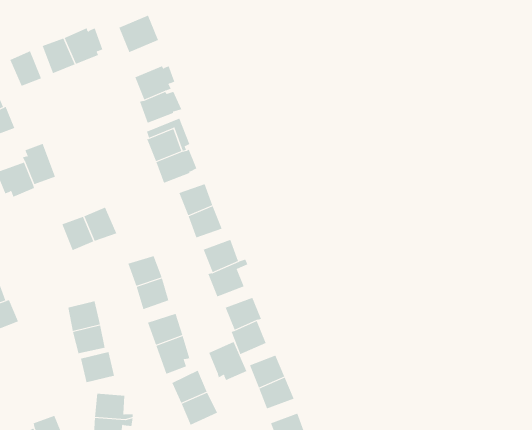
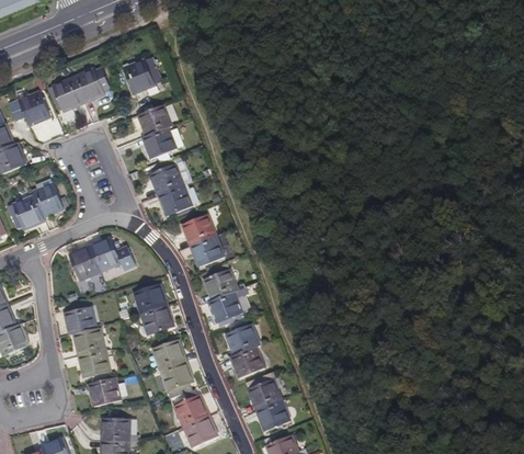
building: none -> [65,308,96,336]
building: [209,341,247,381] -> none

